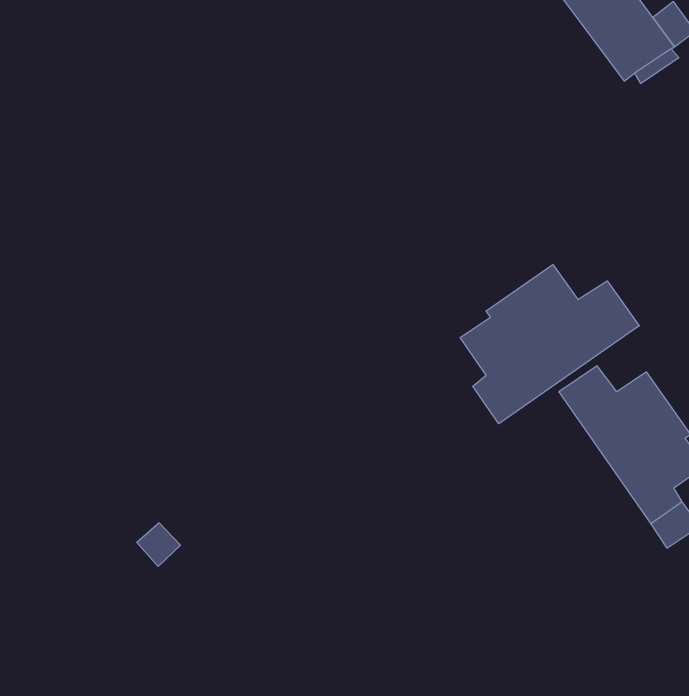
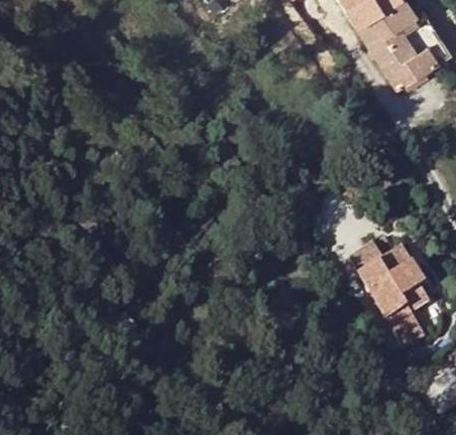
building: [460,265,639,424] -> none

